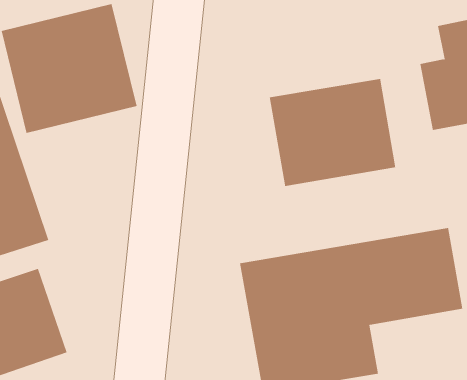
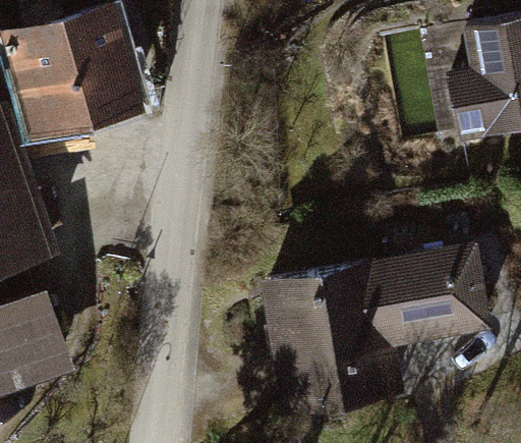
building: [269,78,396,187] -> none

